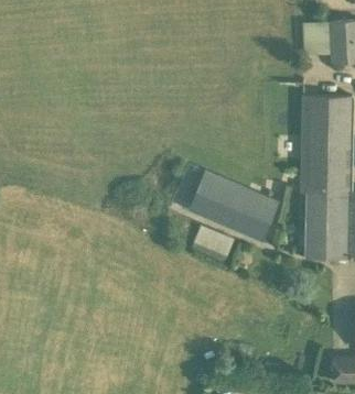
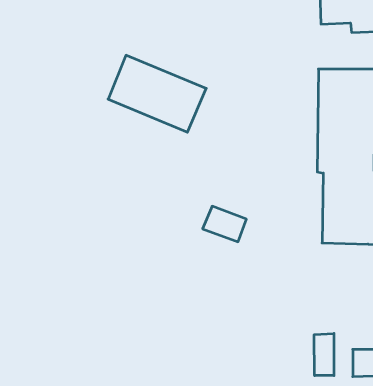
building: [187,171,279,242] -> [108,55,206,132]
building: none -> [314,333,334,376]

